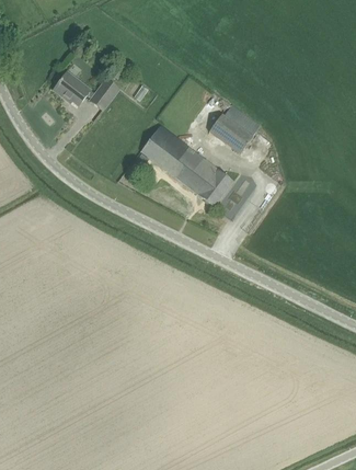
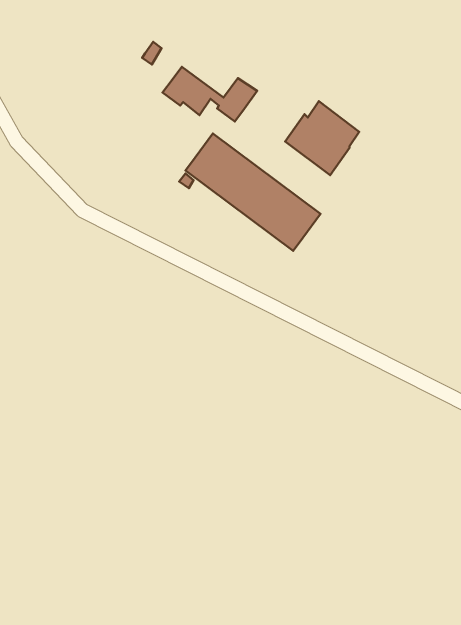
building: [53,71,117,108] -> [162,67,257,121]

